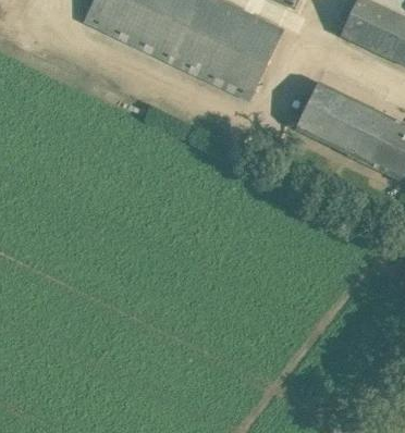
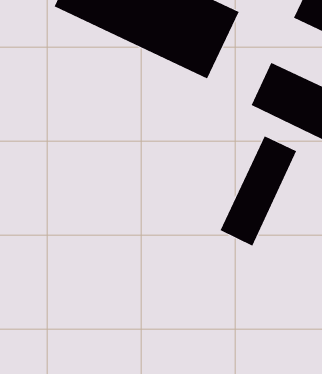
building: none -> [220,135,297,247]

